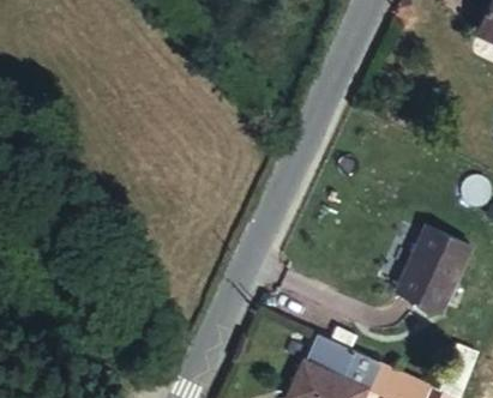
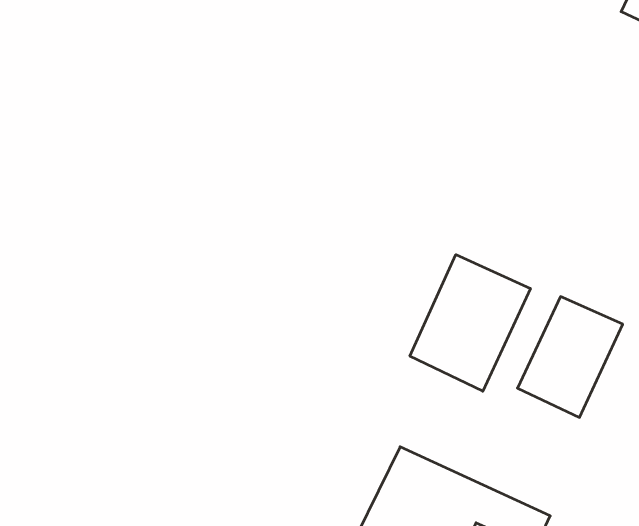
building: none -> [410,255,530,391]

